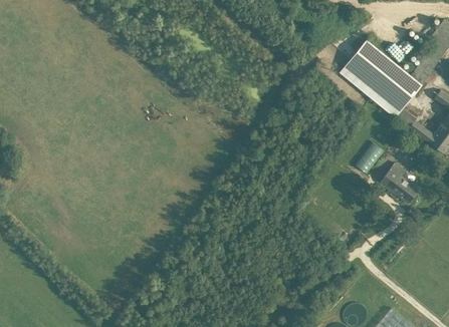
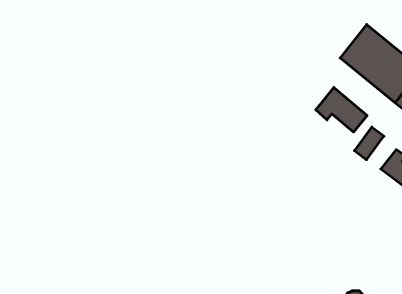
building: none -> [316,87,367,132]

